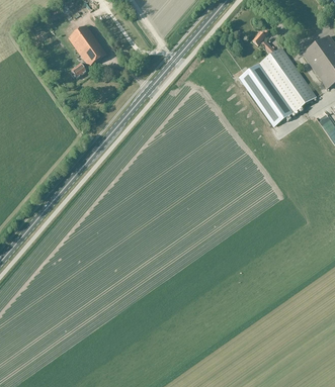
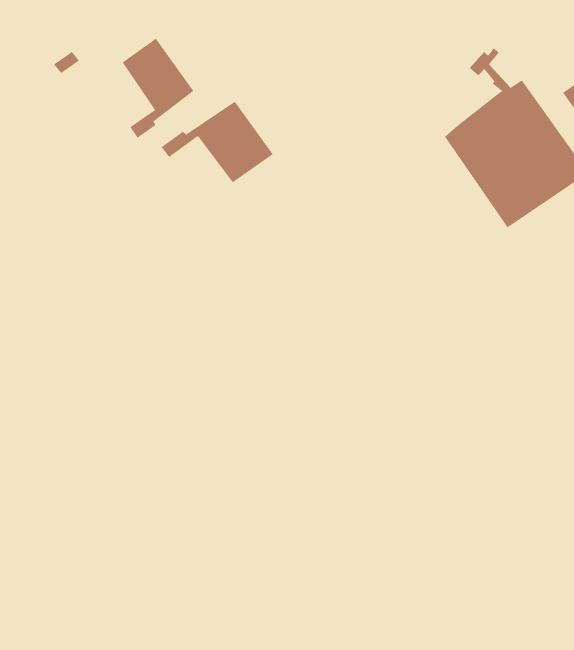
building: none -> [161,101,273,183]

